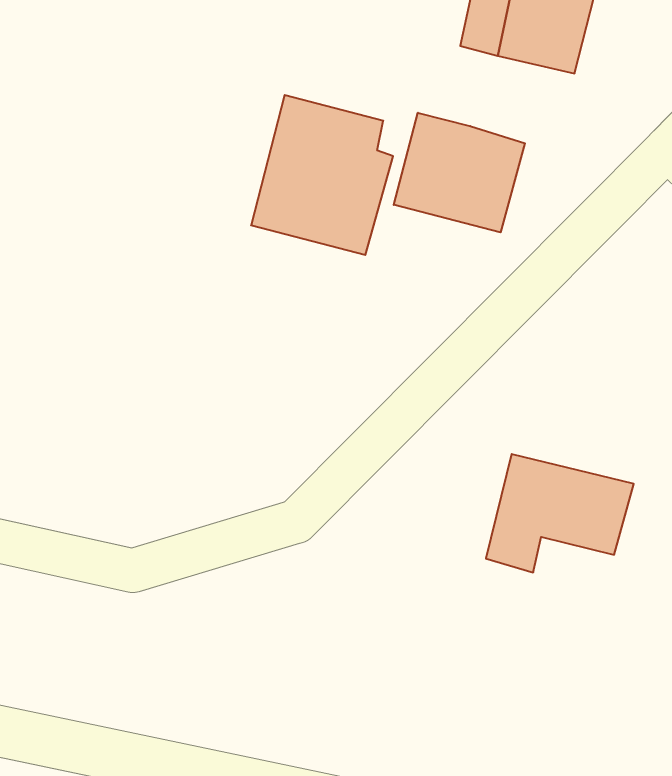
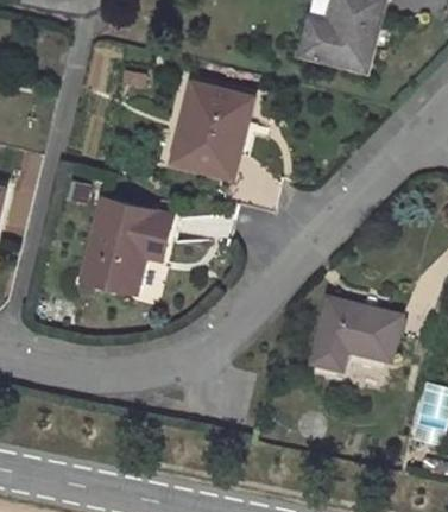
building: [394,113,525,232] -> none
building: none -> [82,198,171,292]

